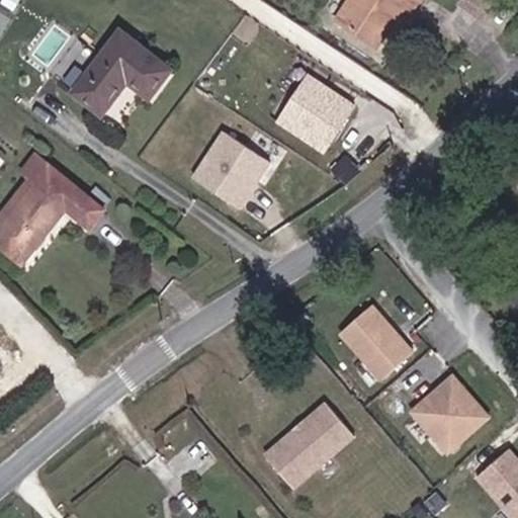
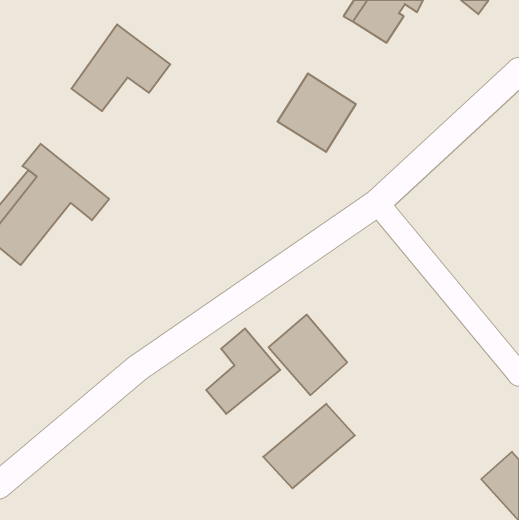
building: [190,132,268,207] -> none
building: [335,305,413,384] -> [269,315,347,395]
building: none -> [206,328,280,414]
building: [407,374,491,458] -> none

